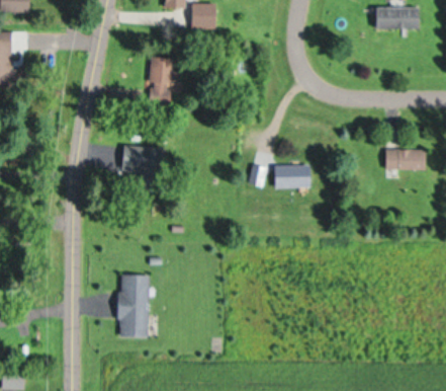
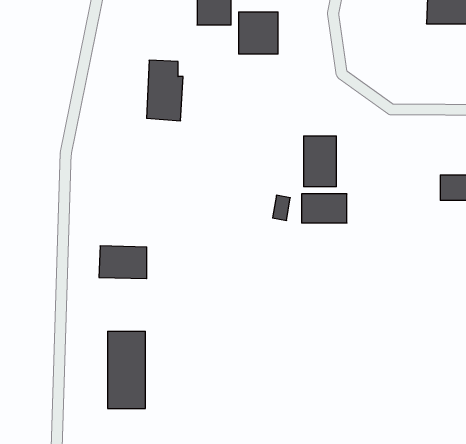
building: none -> [239,12,278,54]
building: none -> [304,136,336,187]
building: [121,146,160,172] -> [99,246,147,279]

